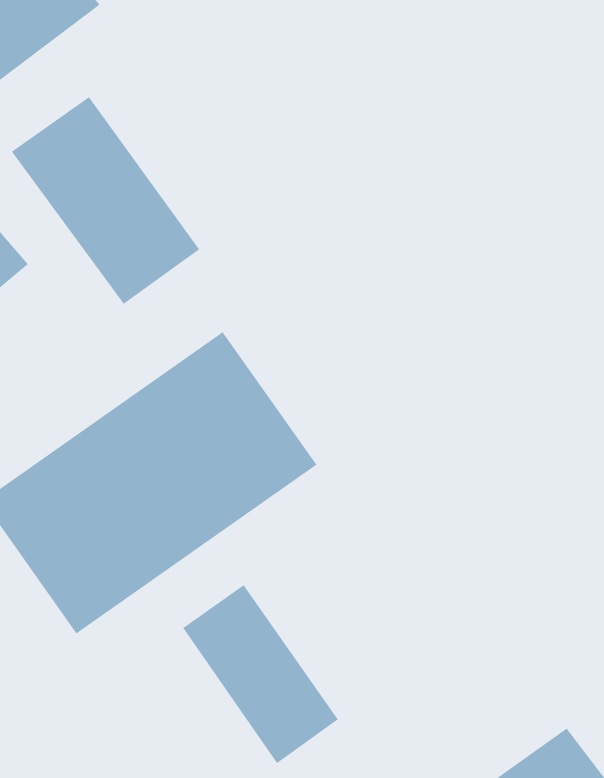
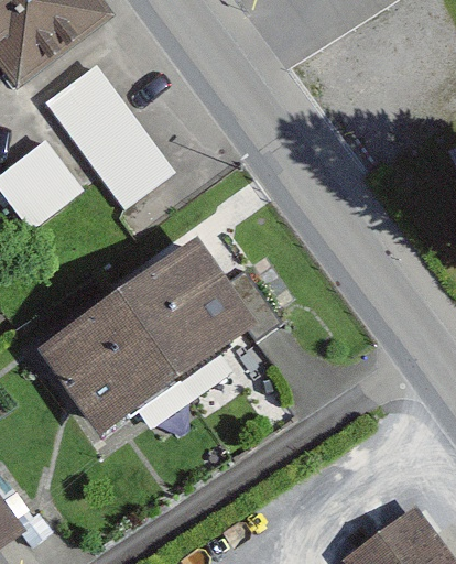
building: [182,584,339,764] -> none

